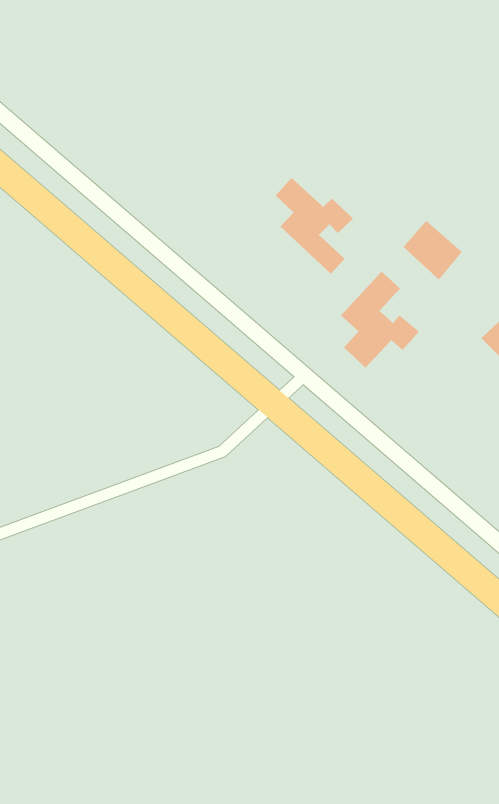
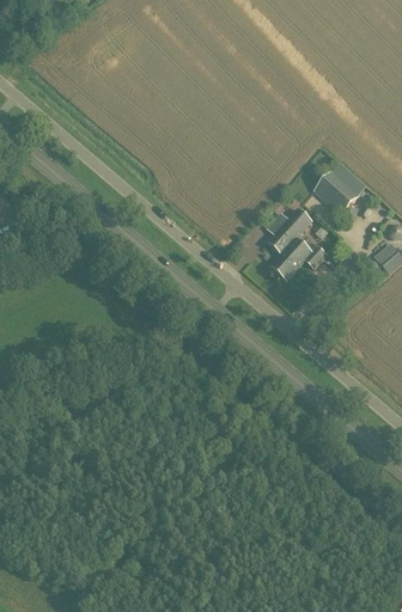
building: [275,177,354,274] -> none

